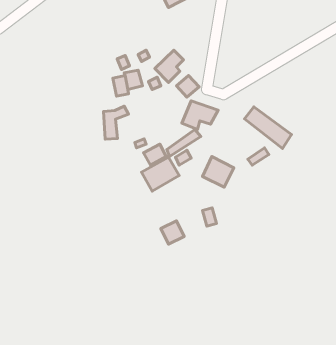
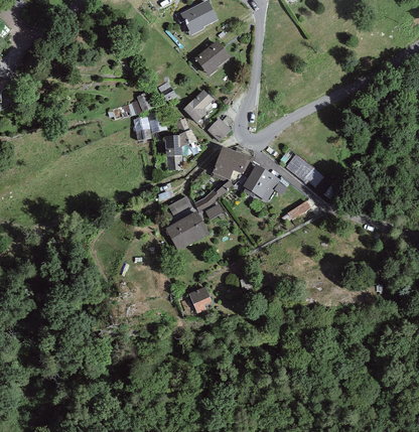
building: none -> [195,41,235,79]
building: [103,106,129,139] -> [165,131,194,169]
building: [202,157,234,187] -> [243,164,279,199]

